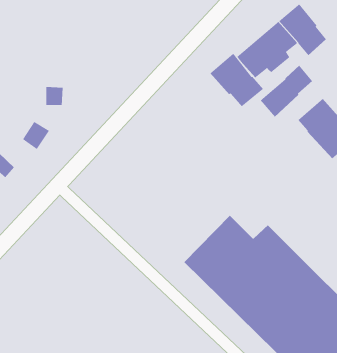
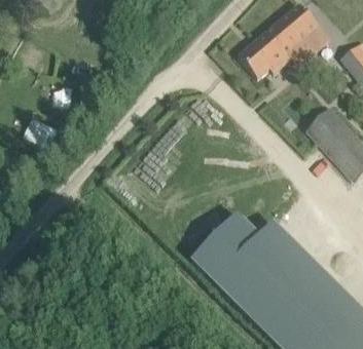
building: [209,53,264,107] -> none
building: [260,65,313,117] -> none

